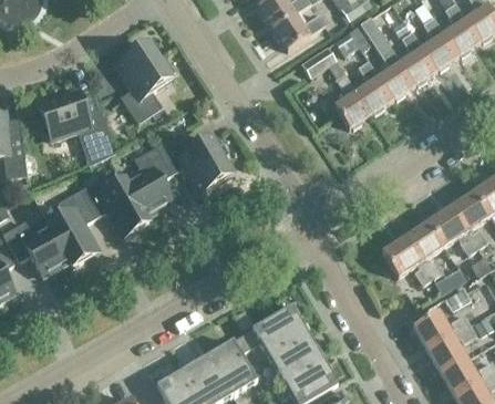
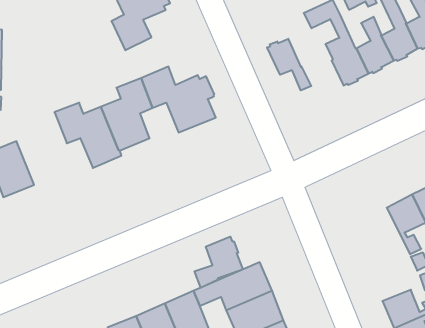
building: [39,89,115,165] -> none
building: none -> [267,39,311,90]
building: [48,189,99,266] -> none
building: [382,237,433,284] -> none
building: none -> [195,237,243,288]

